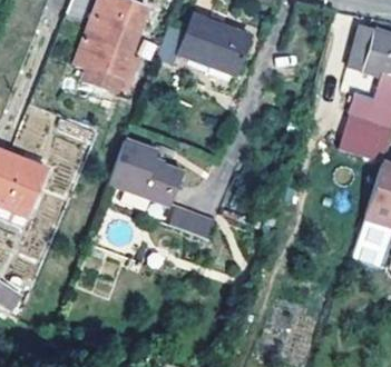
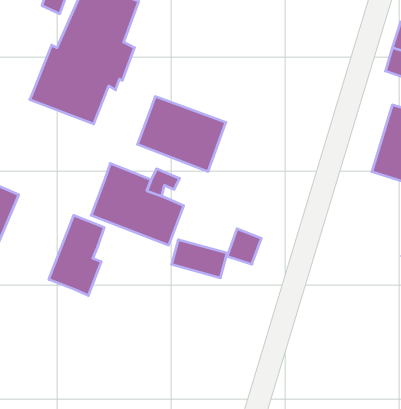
building: [177,17,250,78] -> [137,97,226,171]
building: none -> [49,215,104,296]

